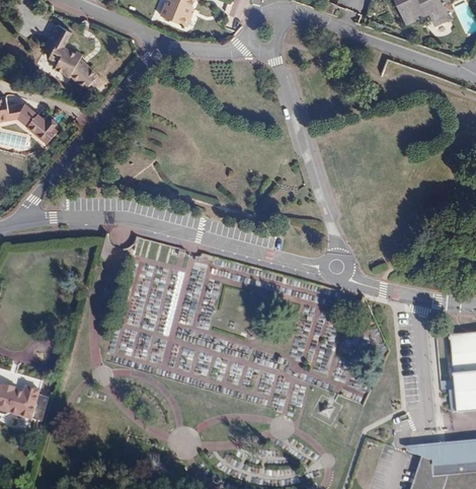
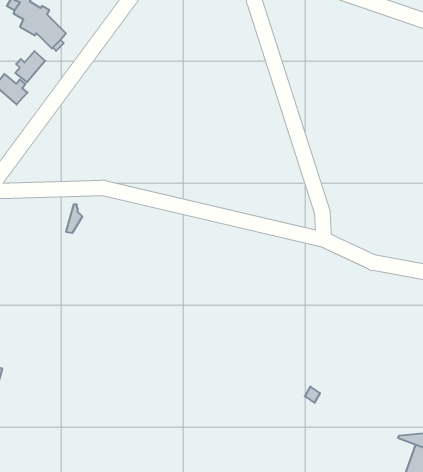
building: none -> [15,51,45,82]

